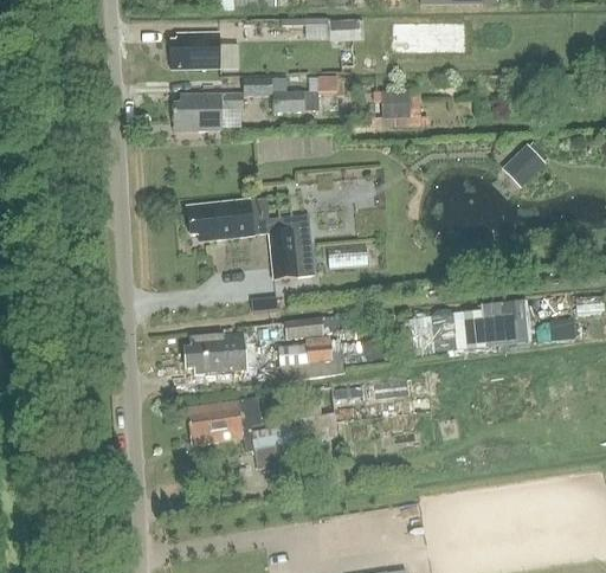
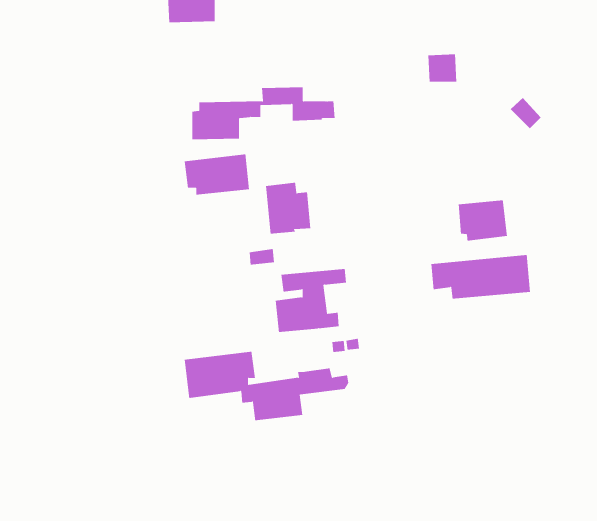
building: [173,77,317,130] -> [191,87,336,140]
building: [380,88,410,116] -> [427,54,457,82]
building: none -> [458,200,507,241]
building: [183,329,246,373] -> none

